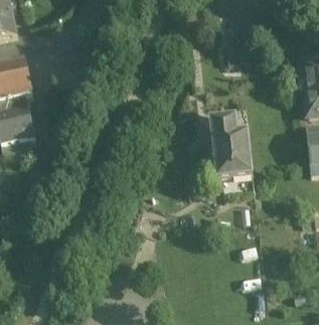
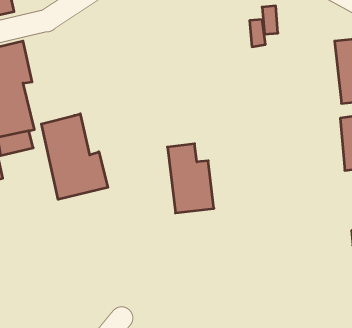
building: [210,116,252,177] -> [167,144,214,213]
building: none -> [41,114,108,199]

